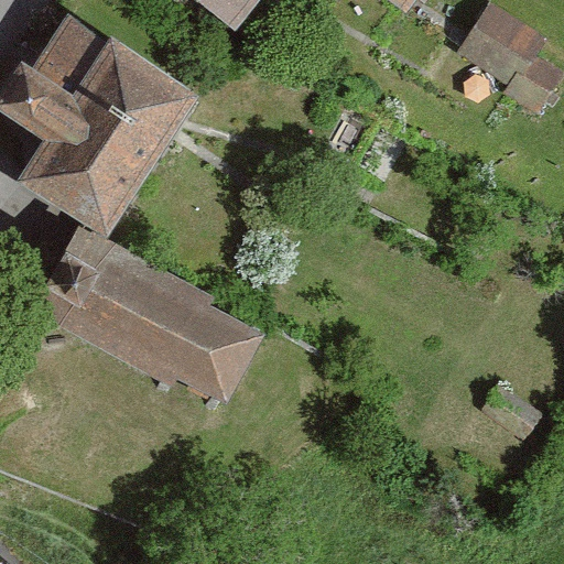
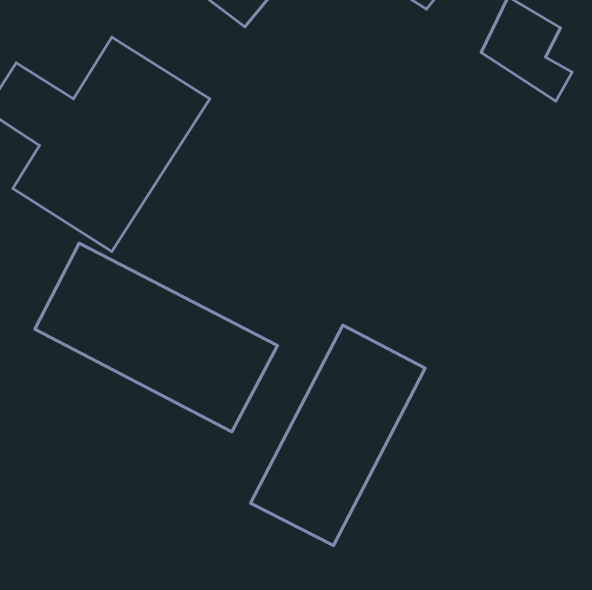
building: none -> [250,325,425,546]

